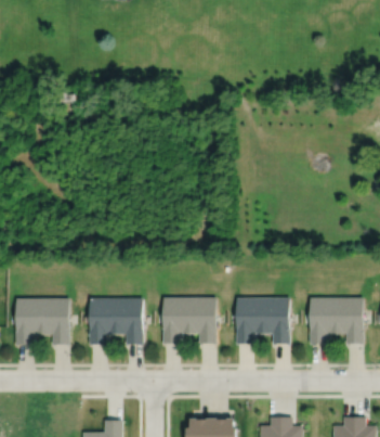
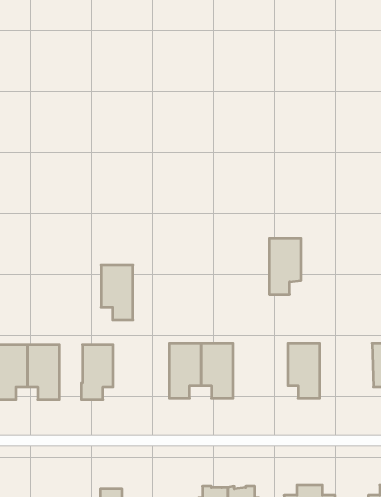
building: [237,297,264,345] -> [269,238,301,294]
building: [311,297,337,345] -> none
building: [116,298,143,345] -> [101,265,133,320]

